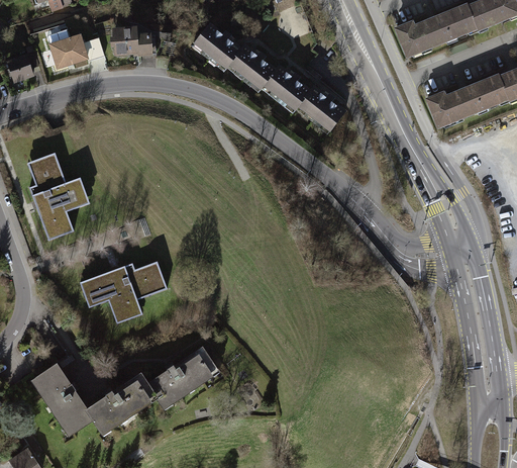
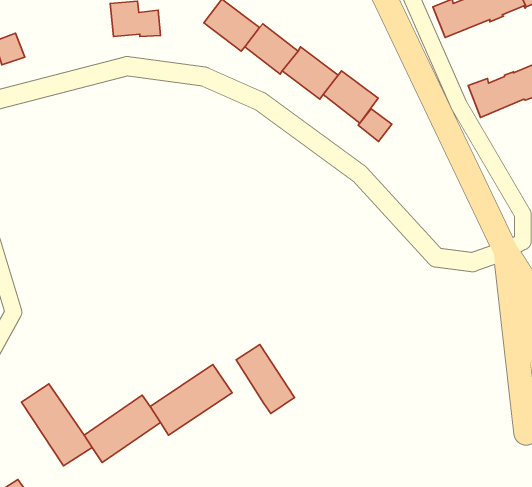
building: [46,31,94,68] -> none
building: none -> [358,109,392,142]
building: [32,151,97,240] -> none
building: [86,260,171,324] -> none
building: none -> [236,344,295,414]

